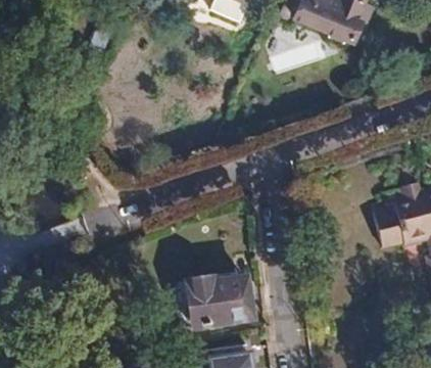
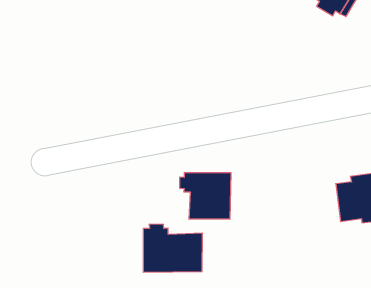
building: none -> [180,172,231,219]

